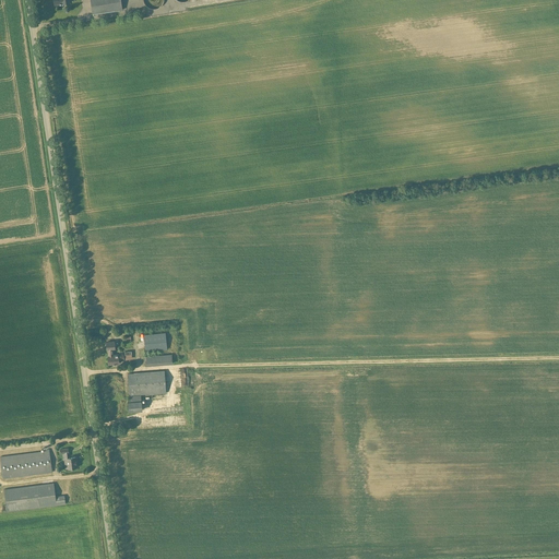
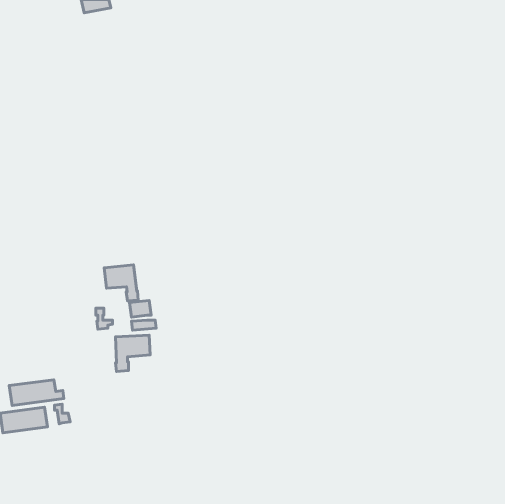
building: none -> [104,265,138,301]
building: [4,483,64,511] -> [9,380,64,405]

